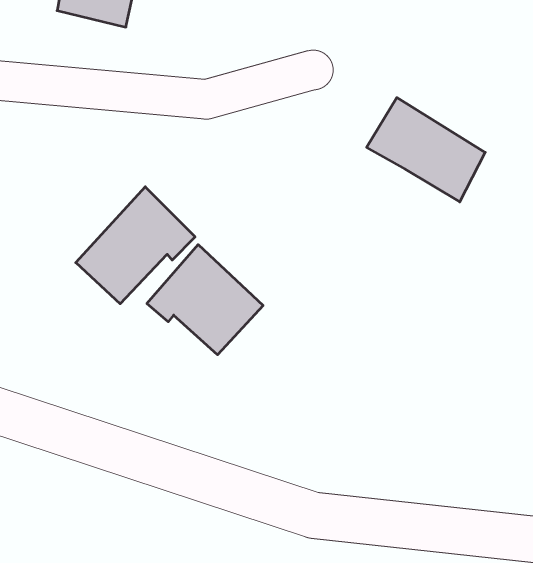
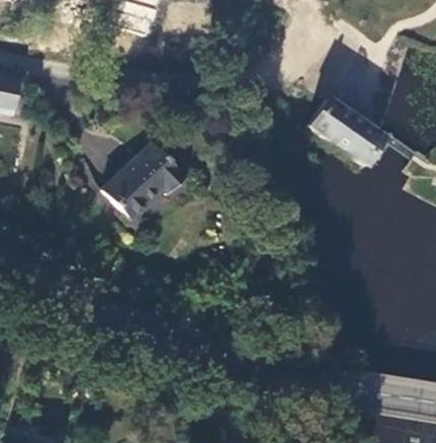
building: [147,245,263,355] -> none

